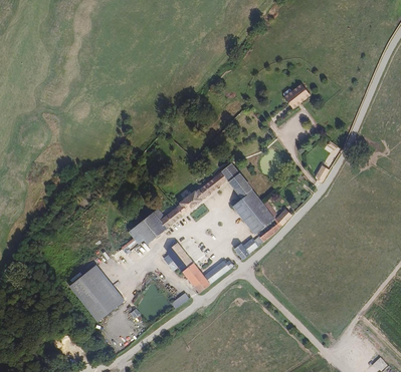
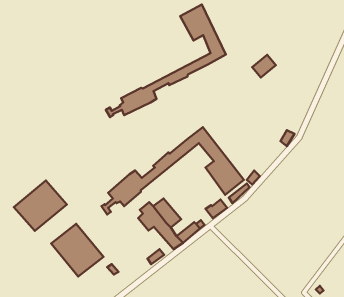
building: none -> [106,5,226,117]
building: none -> [14,180,67,231]

